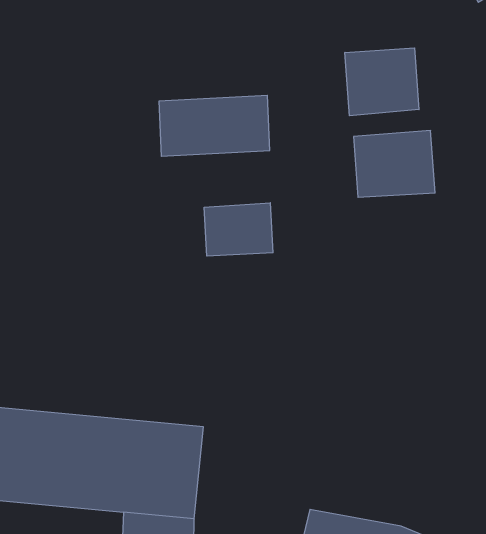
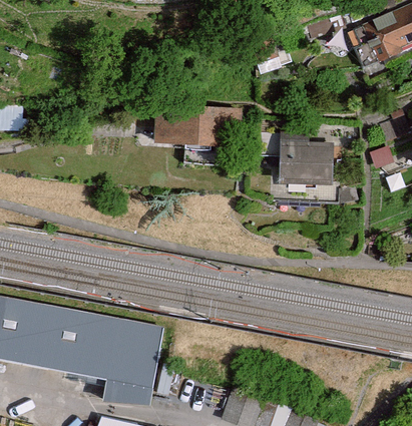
building: [345,48,419,116] -> none
building: [204,203,273,256] -> none

